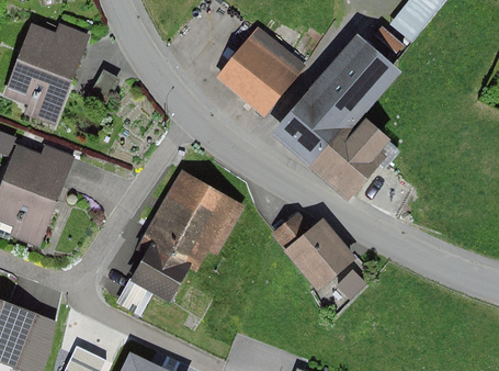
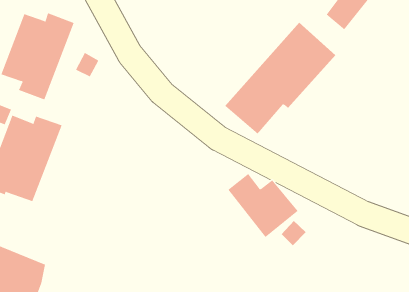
building: [216,26,306,116] -> none
building: [308,117,390,201] -> none
building: [115,168,247,316] -> none

